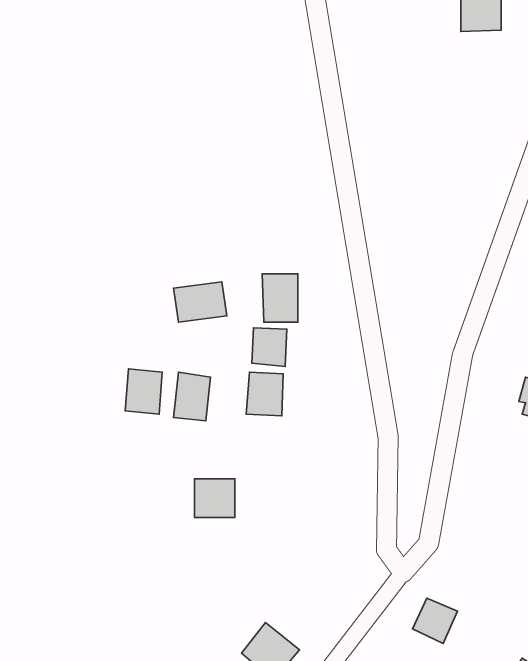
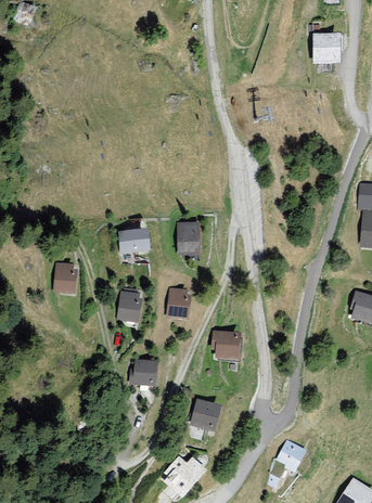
building: [252,328,287,366] -> none
building: [125,369,162,414] -> [53,262,78,293]
building: none -> [213,331,243,359]
building: none -> [192,399,225,430]

